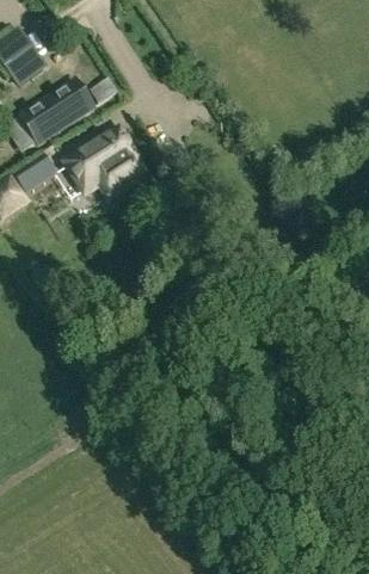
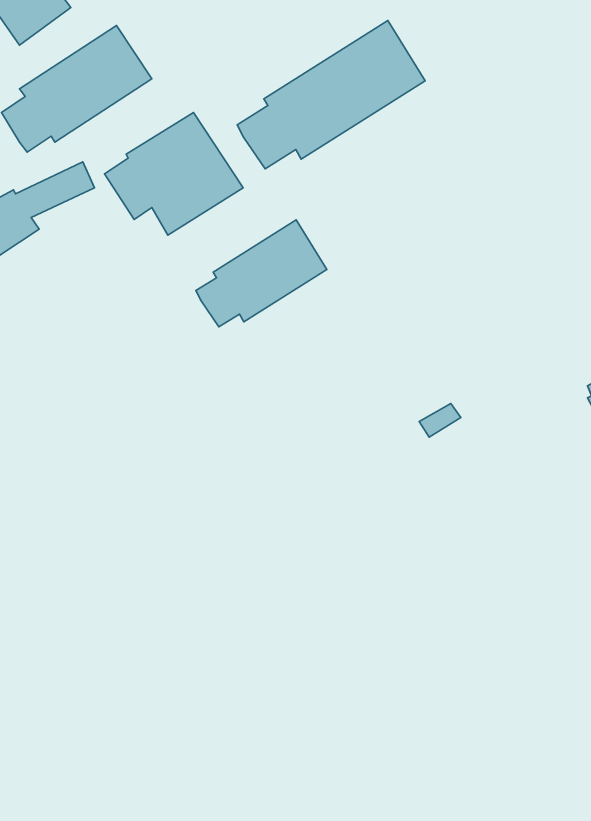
building: none -> [237,20,425,169]
building: none -> [196,220,327,327]

